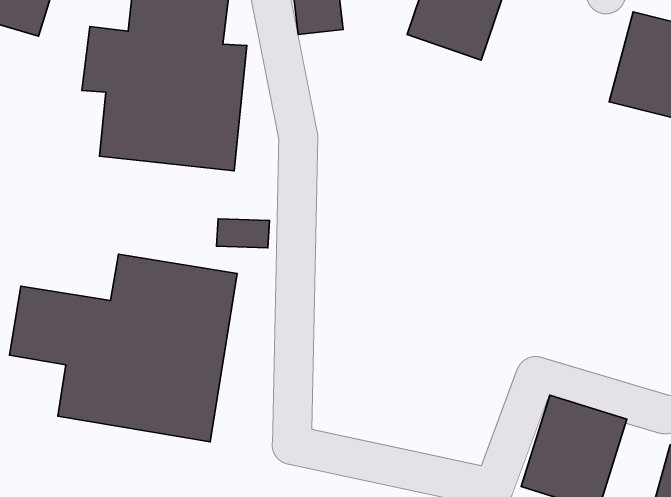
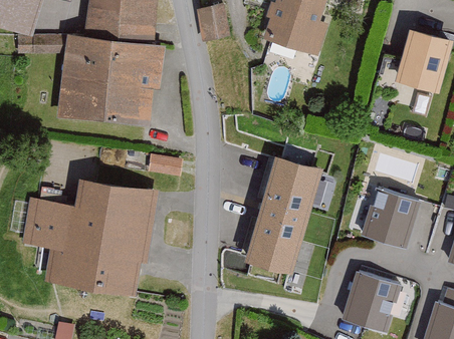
building: none -> [238,150,320,278]
building: none -> [359,184,421,247]

